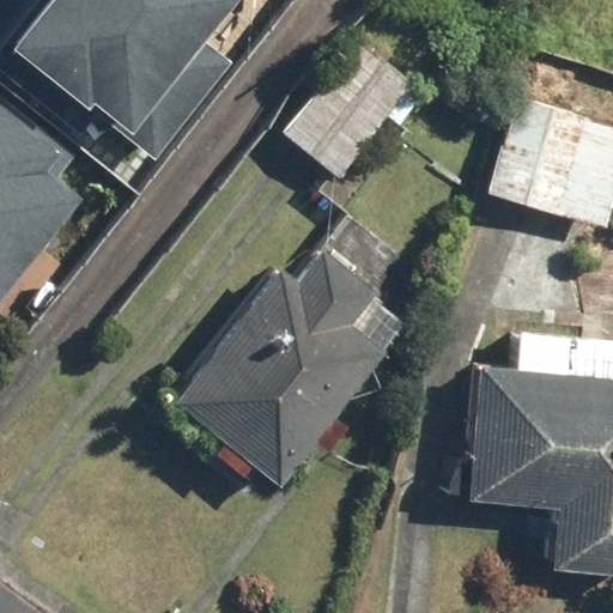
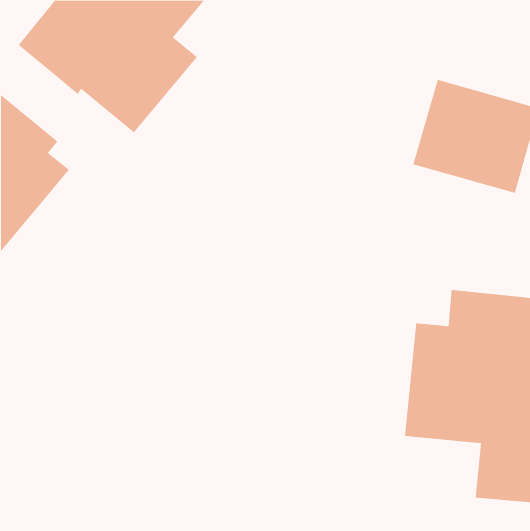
building: [275,34,406,172] -> none
building: [177,245,392,481] -> none

